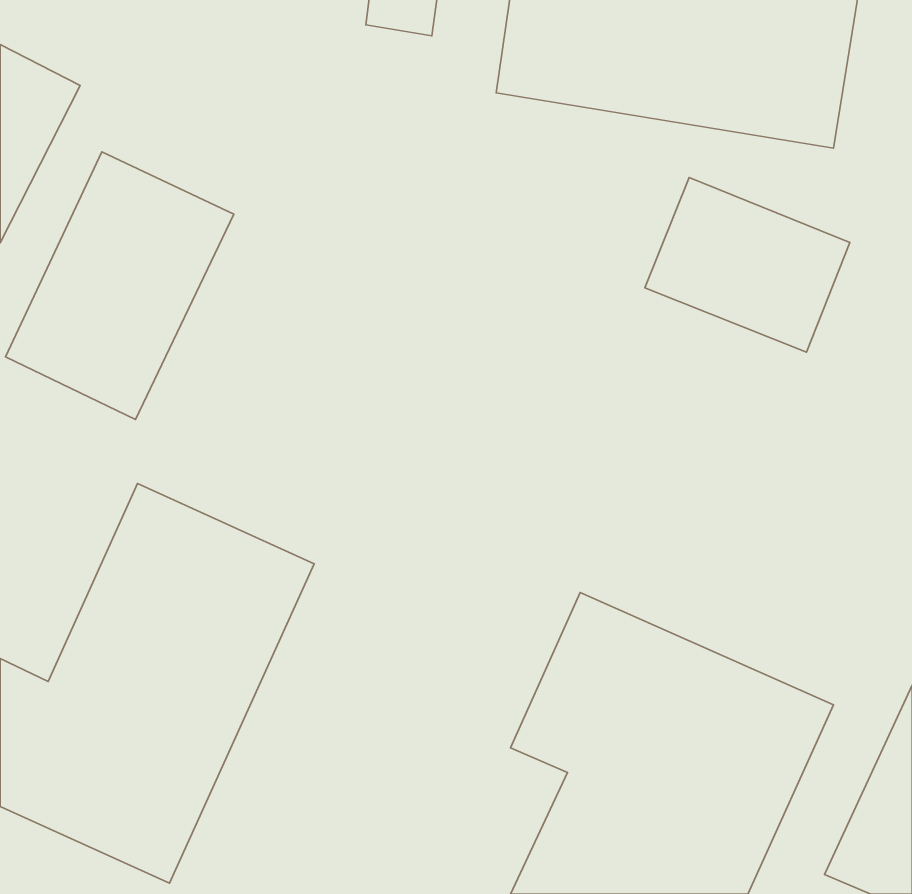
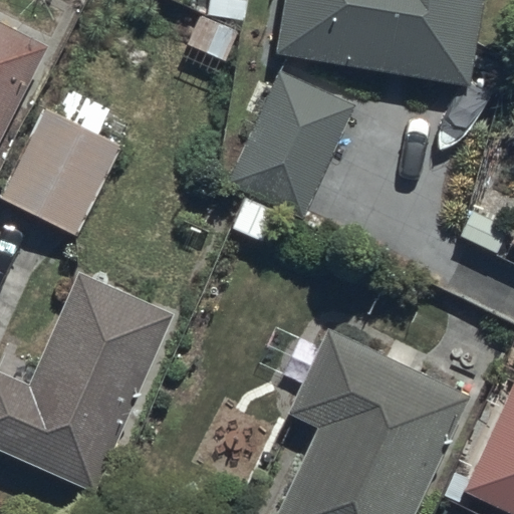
building: none -> [225,68,352,242]
building: [645,177,850,352] -> none

